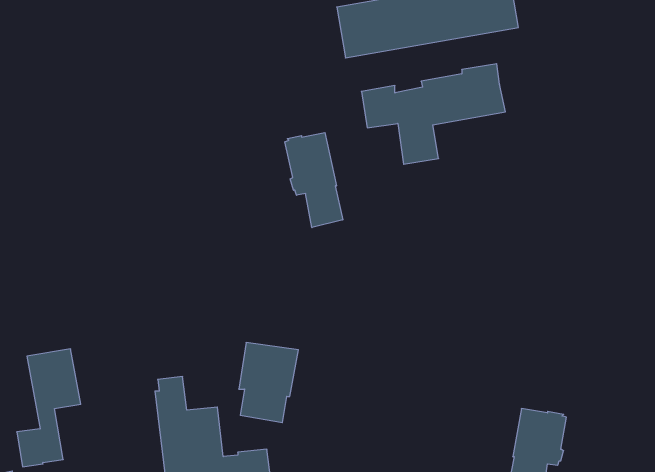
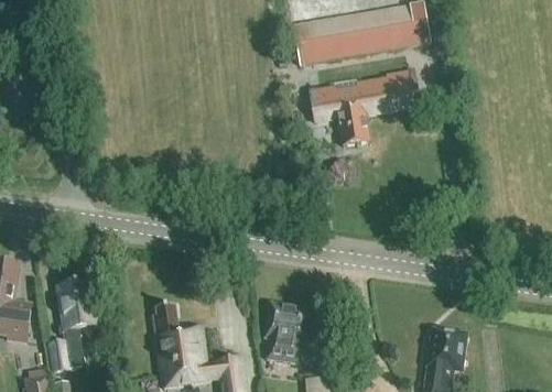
building: [285,133,343,228] -> none
building: [239,343,298,423] -> [266,304,311,364]

